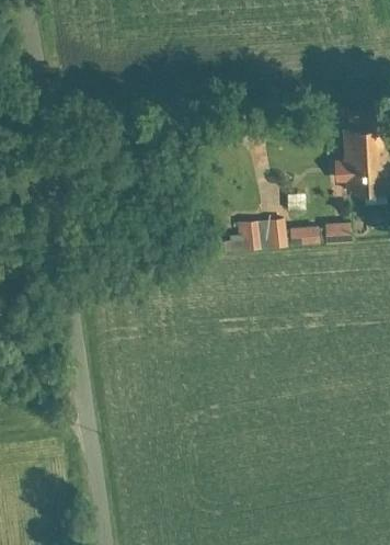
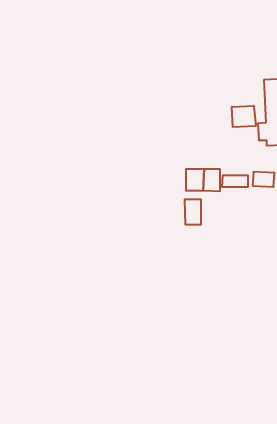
building: none -> [232,106,256,127]
building: none -> [185,199,201,225]

